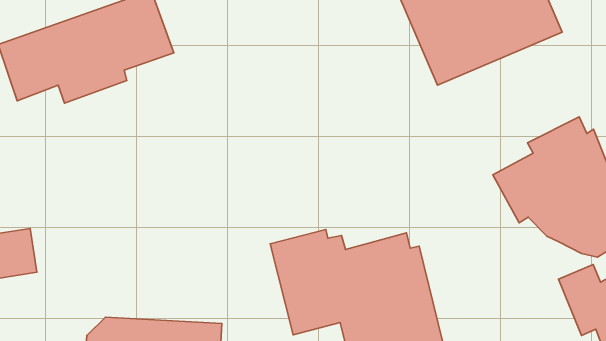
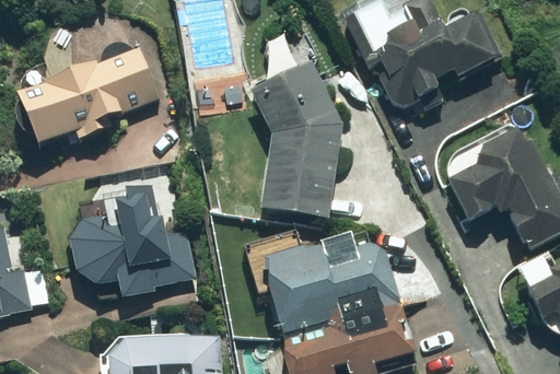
building: none -> [253,65,341,221]
building: none -> [69,186,201,297]

